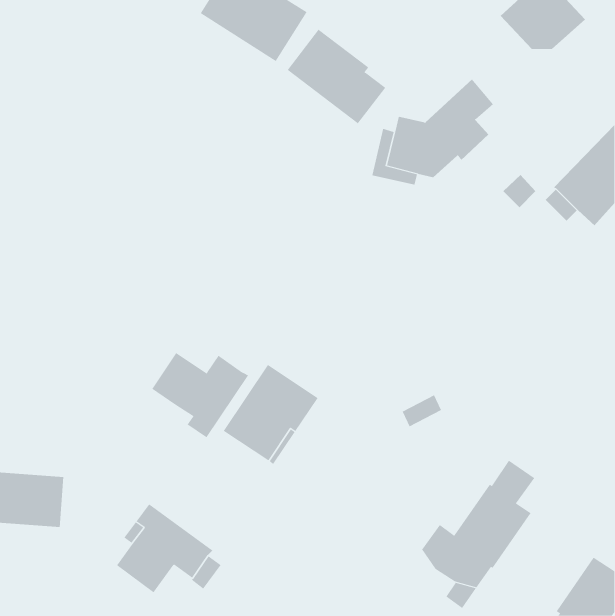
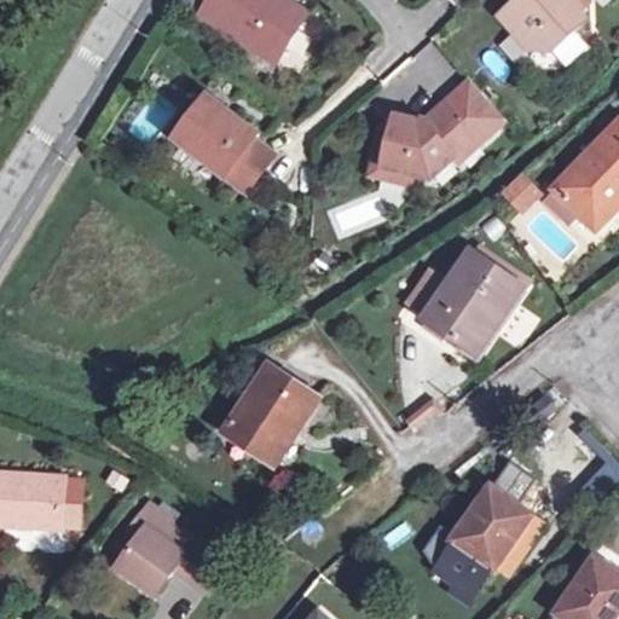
building: [287,29,386,124] -> [175,96,274,191]
building: none -> [406,249,519,351]
building: [152,352,249,438] -> none

